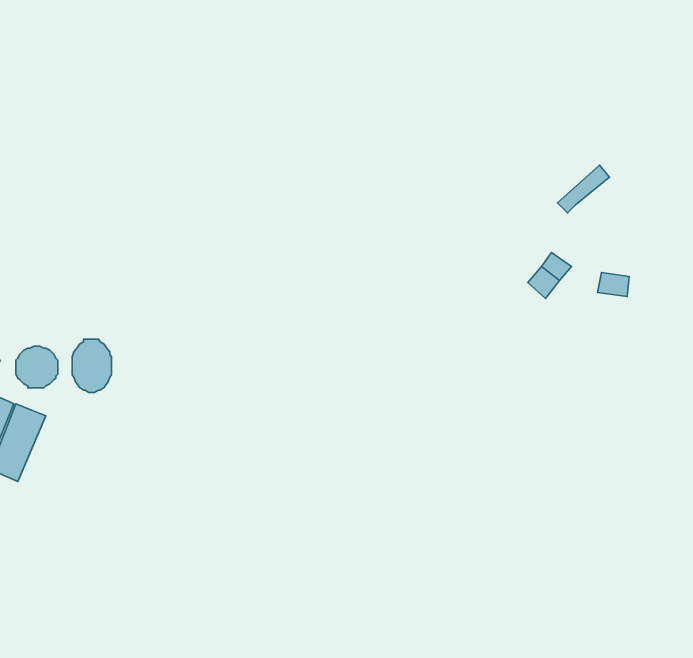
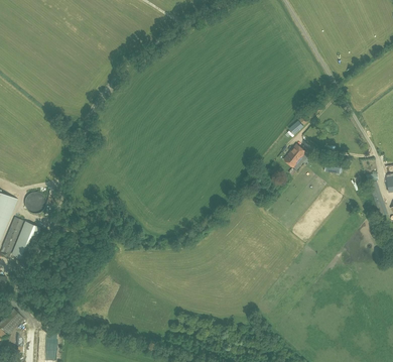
building: [72,339,112,393] -> none

